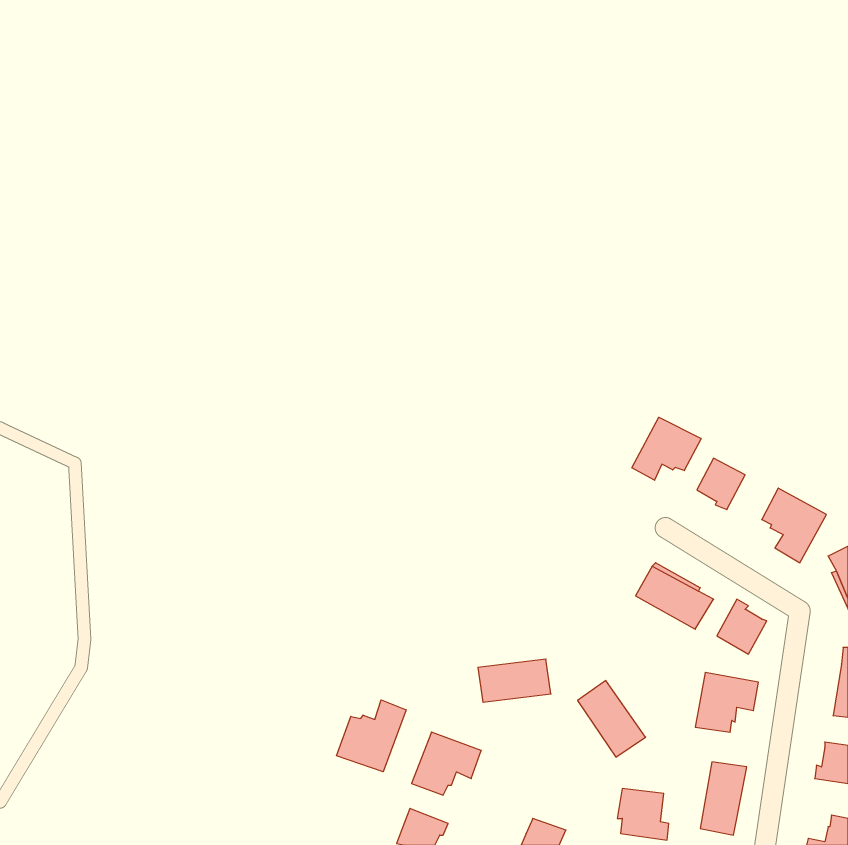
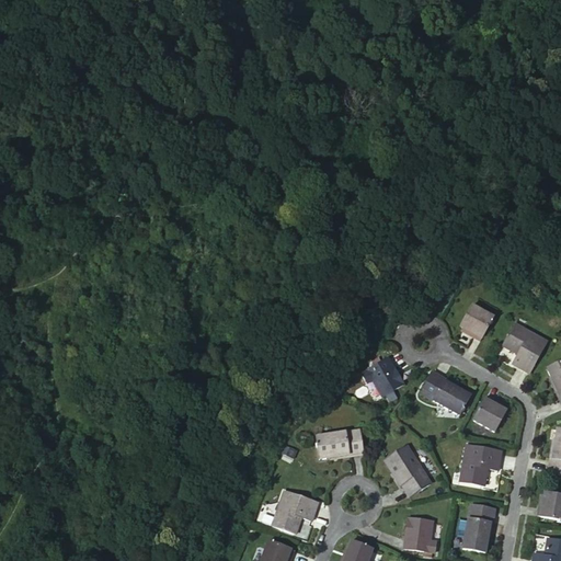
building: [632,417,701,480] -> none
building: none -> [359,357,404,397]
building: [336,700,406,772] -> none

